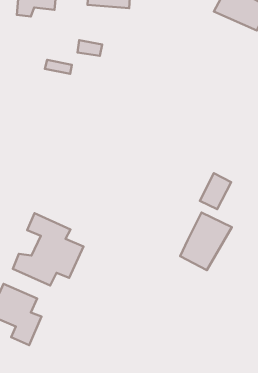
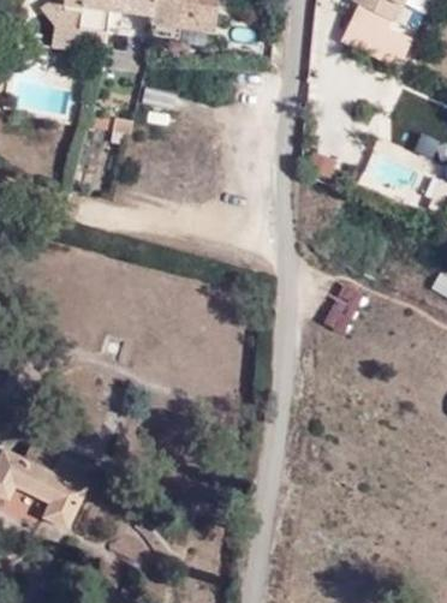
building: [180,212,232,270] -> none
building: [13,213,84,285] -> none

